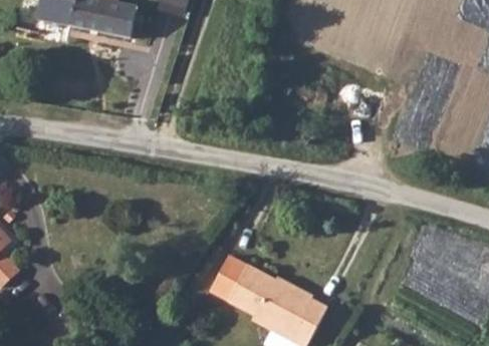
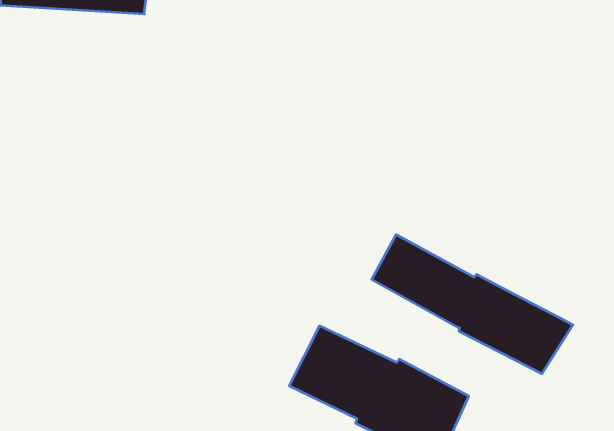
building: none -> [372,235,573,374]

